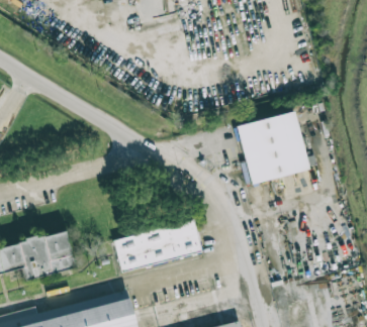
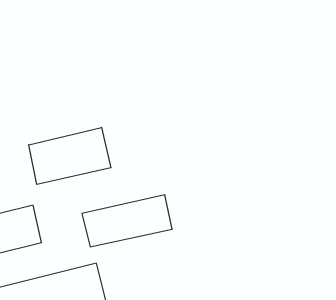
building: [237,111,308,184] -> none
building: none -> [29,127,111,184]

